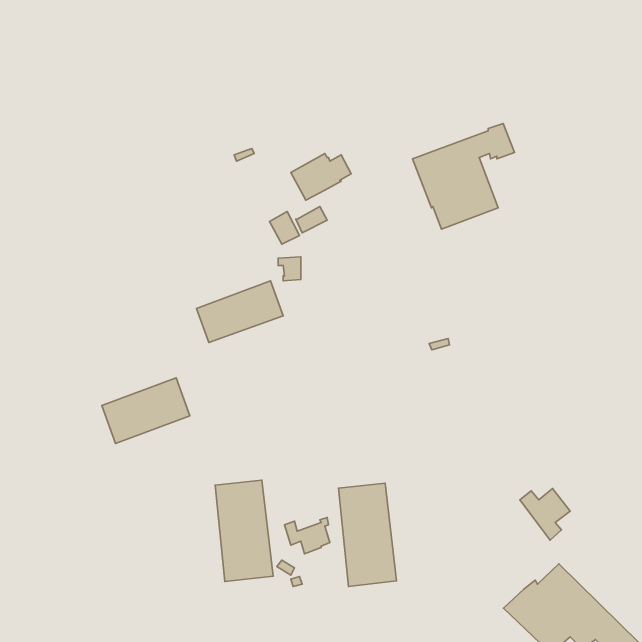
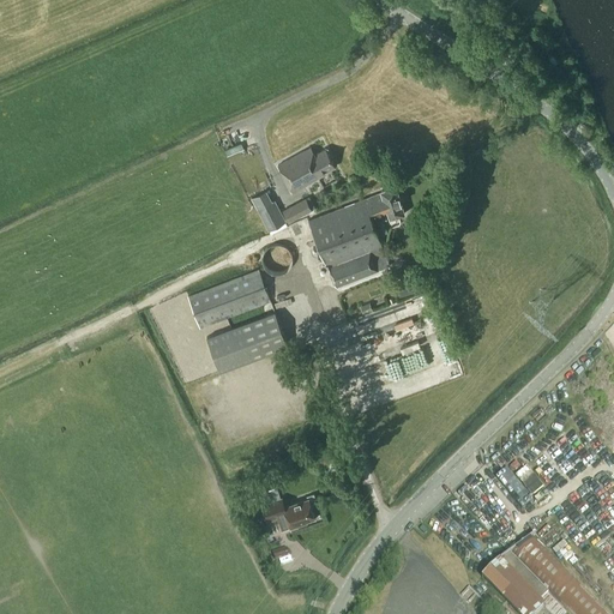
building: [413,123,515,229] -> [308,186,405,287]
building: [102,378,190,443] -> [203,311,287,373]
building: [215,480,273,582] -> none
building: [339,483,397,586] -> none

